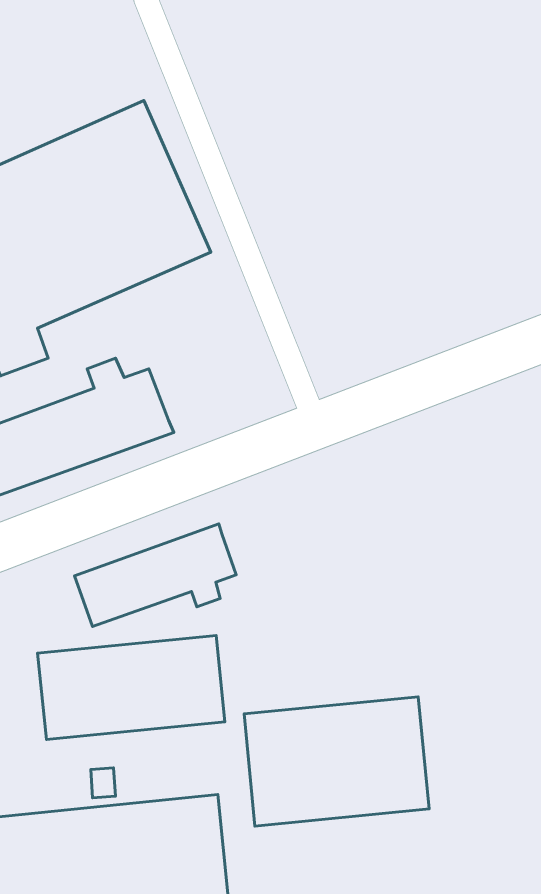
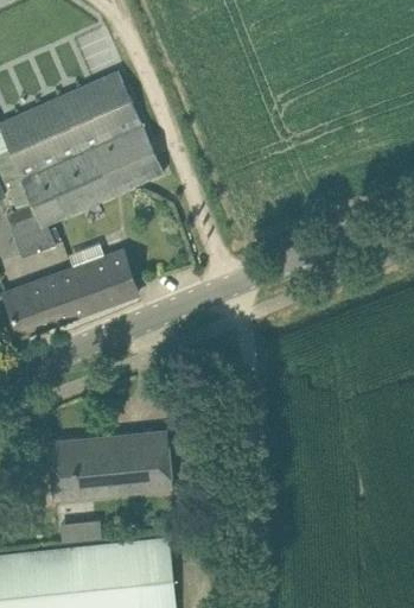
building: [74,524,236,626] -> none
building: [244,697,429,826] -> none

